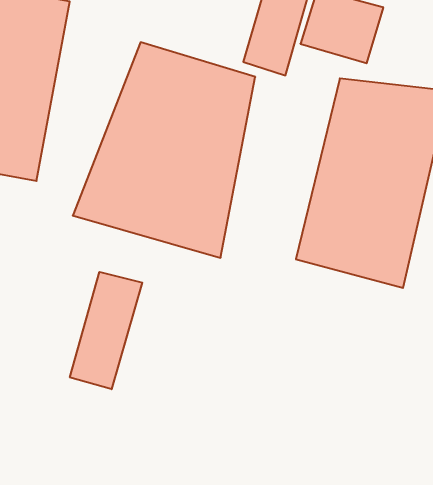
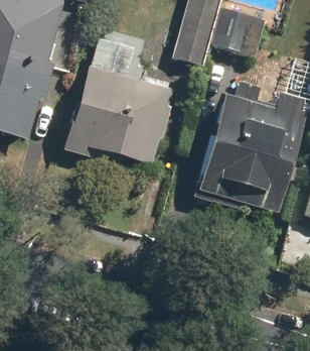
building: [70,272,142,389] -> none

